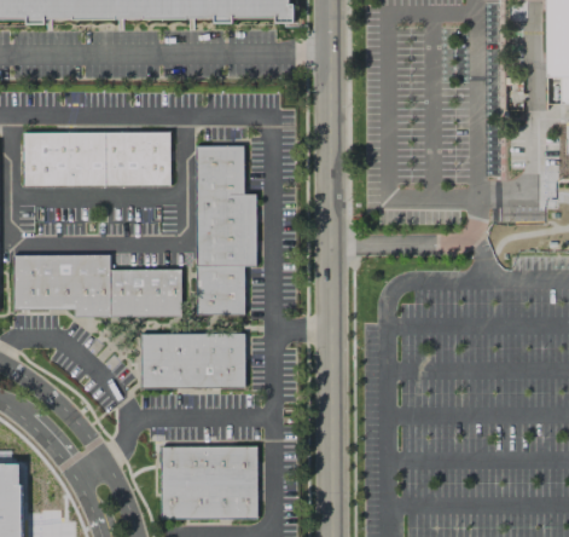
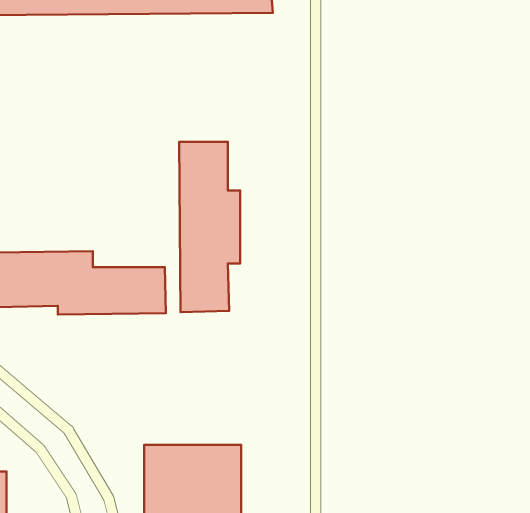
building: [24,132,170,186] -> none
building: [140,334,245,387] -> none

